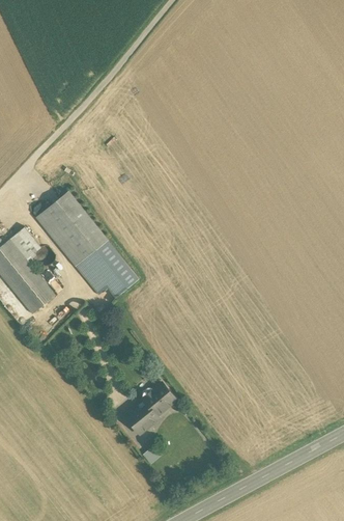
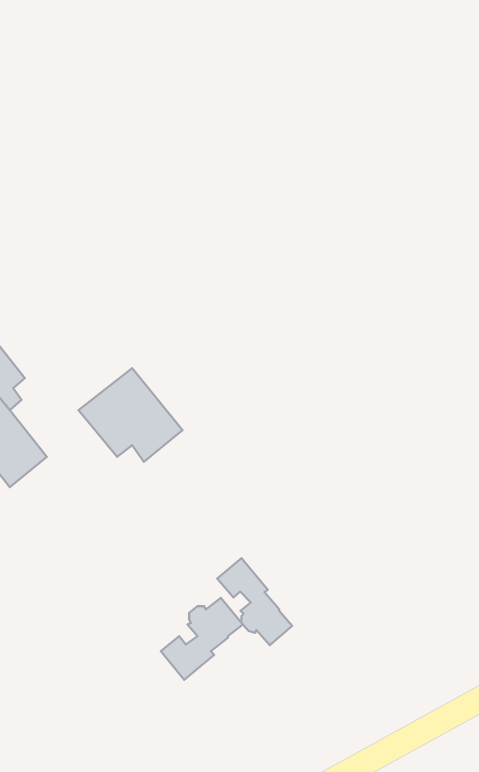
building: [35,191,108,267] -> none
building: none -> [217,558,292,645]

